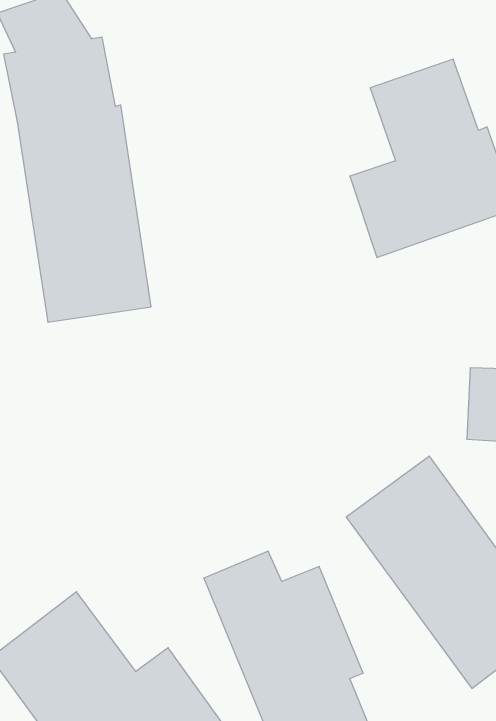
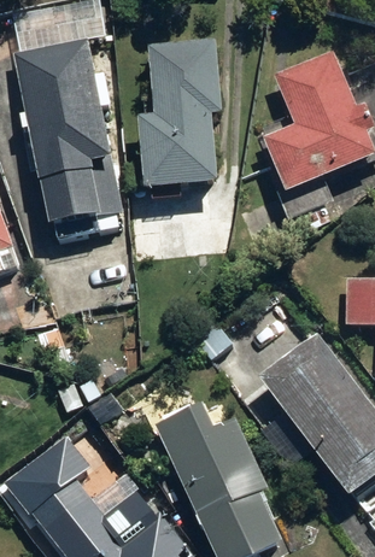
building: none -> [137,35,228,190]

